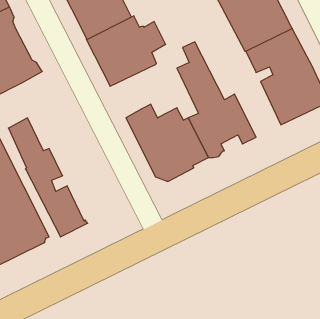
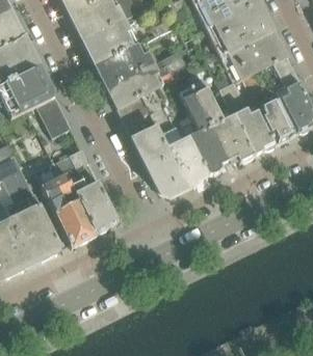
building: none -> [215,75,275,155]
building: none -> [118,88,165,137]
building: none -> [36,94,71,136]
building: none -> [58,147,118,231]

